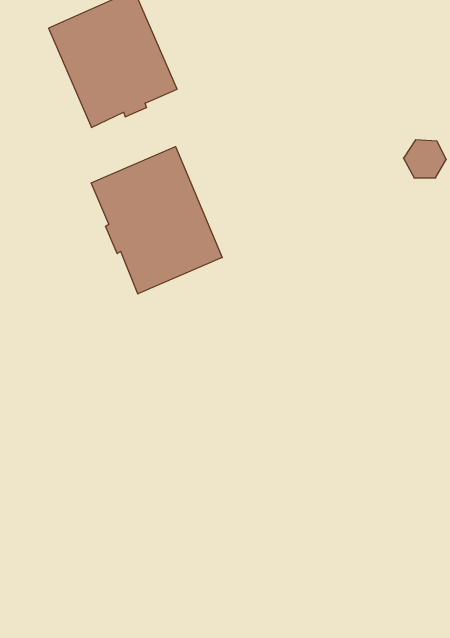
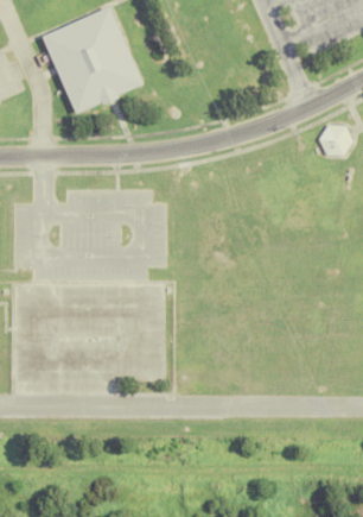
building: [91,147,222,294] -> none

